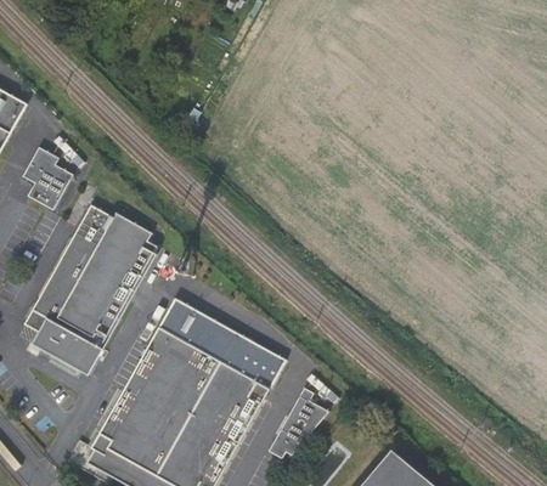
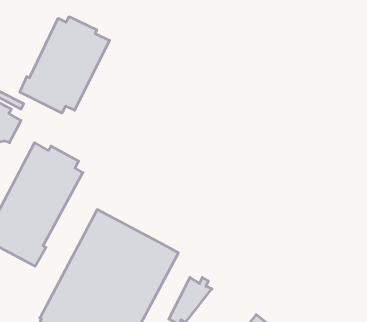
building: none -> [20,17,110,113]

